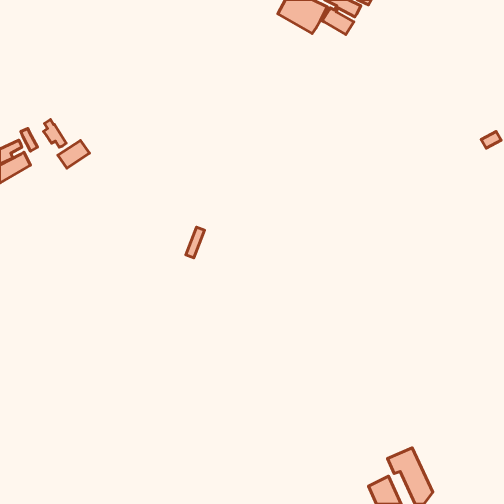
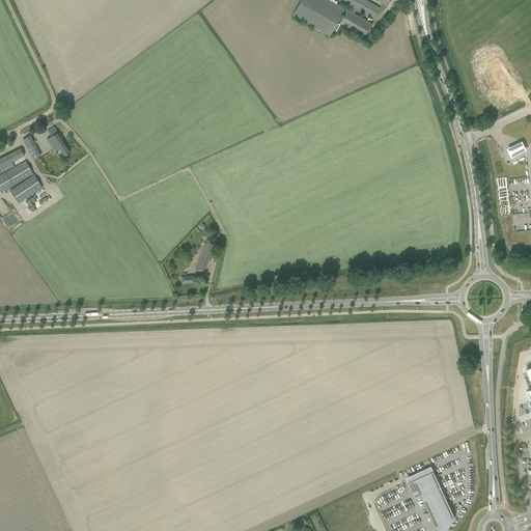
building: [58,140,90,168] -> [8,173,41,202]

